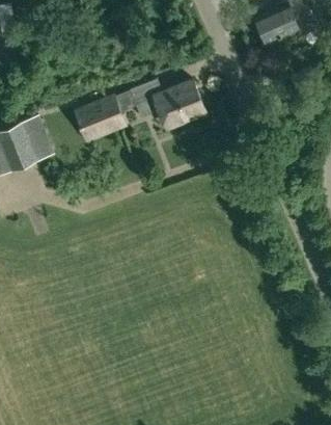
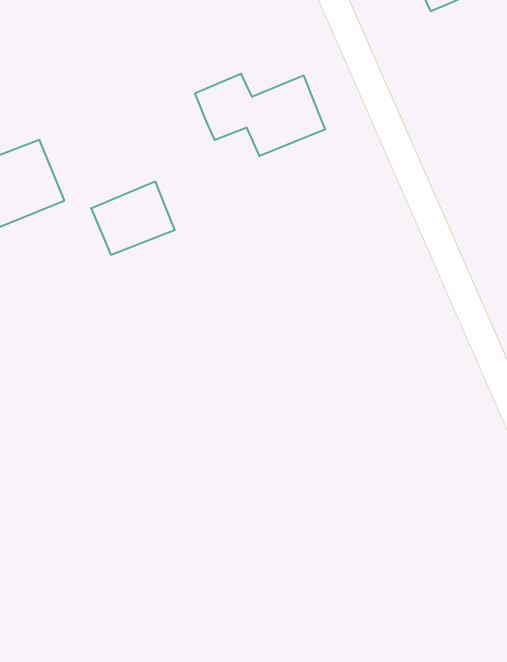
building: [75,97,123,139] -> [91,182,175,255]

